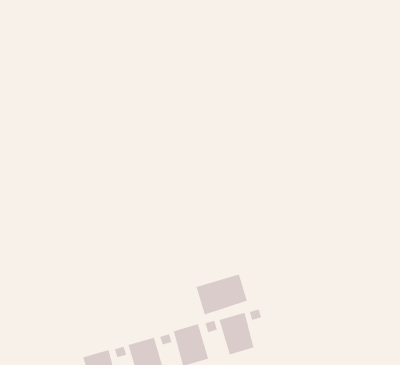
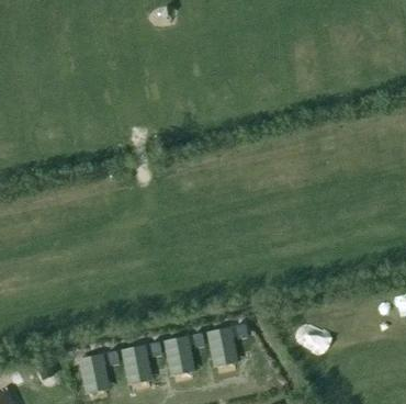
building: [195,273,248,315] -> none

